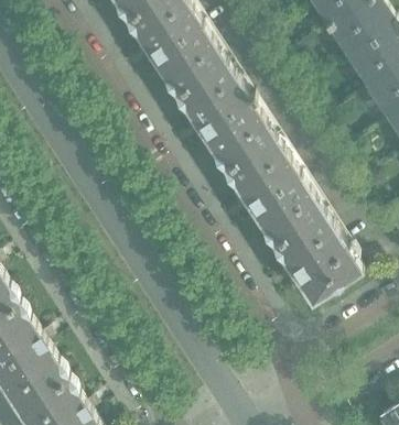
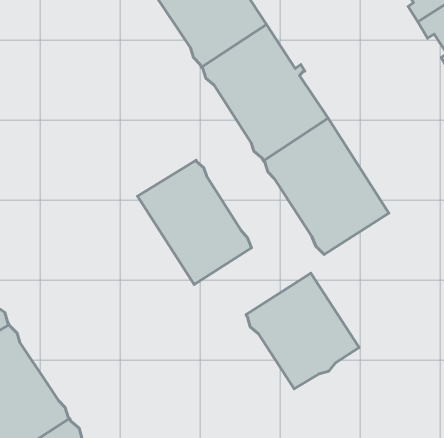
building: none -> [138,160,251,285]
building: [272,210,363,303] -> [246,273,359,389]

